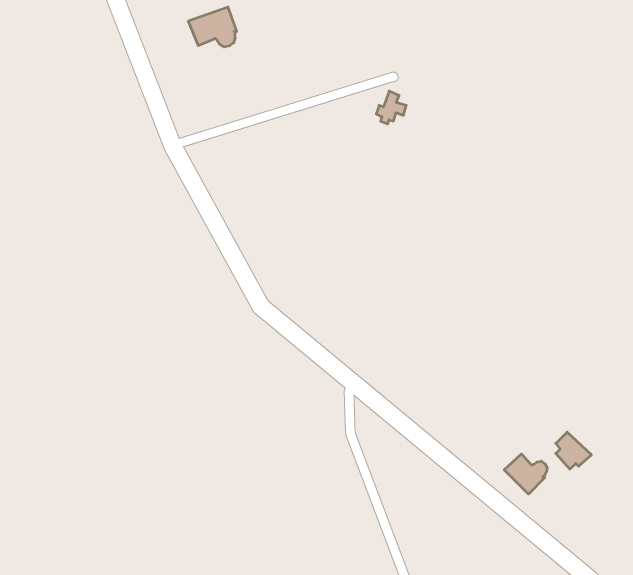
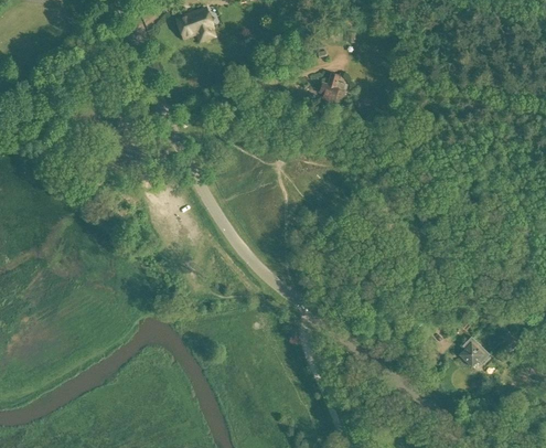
building: [504,454,547,494] -> none

